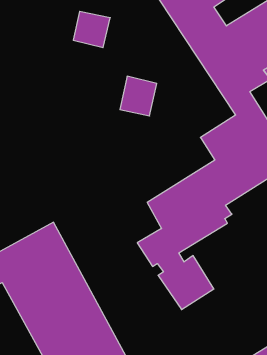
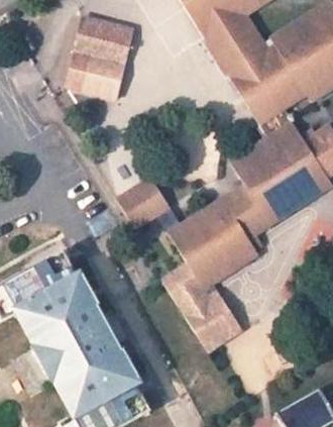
building: [120,76,157,116] -> [80,49,121,94]
building: none -> [114,180,168,230]

